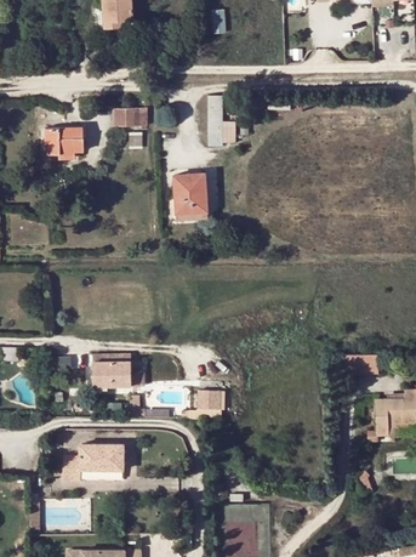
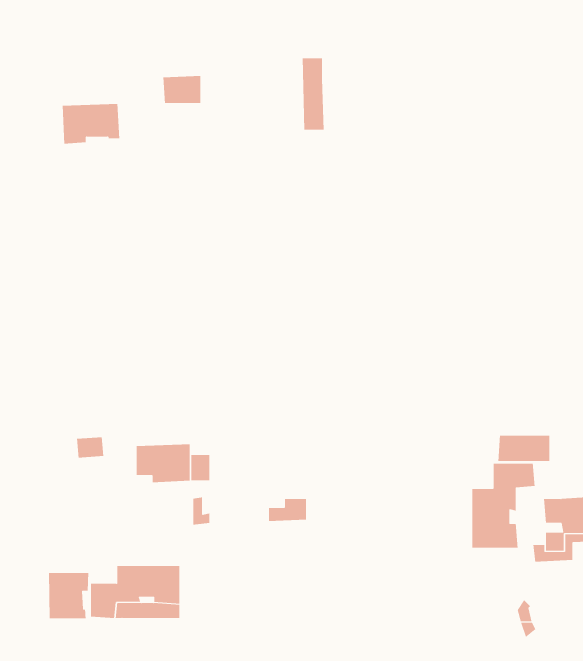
building: [175,174,209,214] -> none
building: none -> [472,463,535,548]
building: none -> [48,572,89,619]

